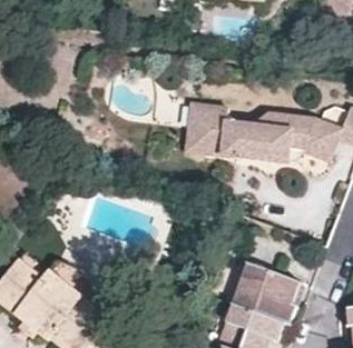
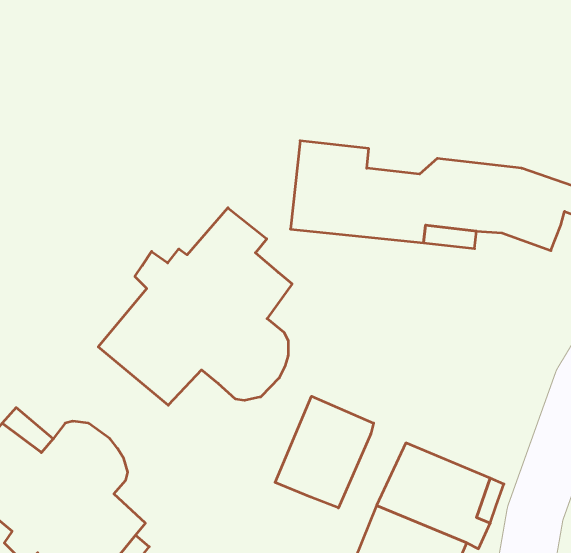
building: none -> [98,208,292,405]
building: none -> [275,396,374,508]

